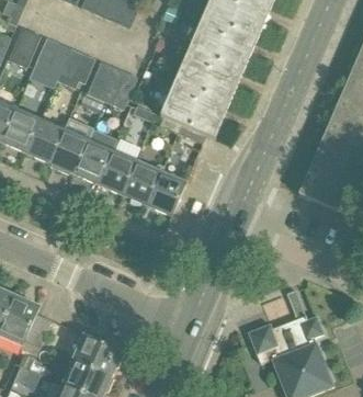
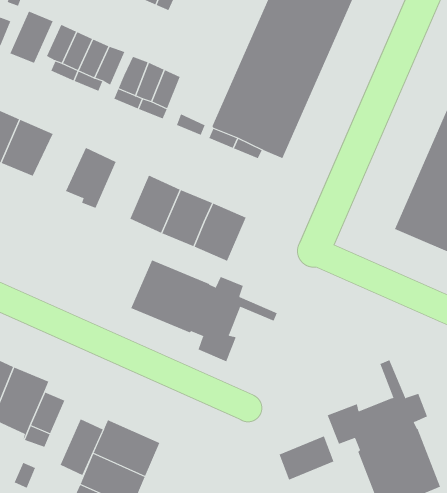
building: [26,120,66,162] -> none
building: [75,140,113,183] -> none
building: none -> [131,260,277,362]
building: none -> [60,418,103,476]
building: none -> [279,435,334,481]

